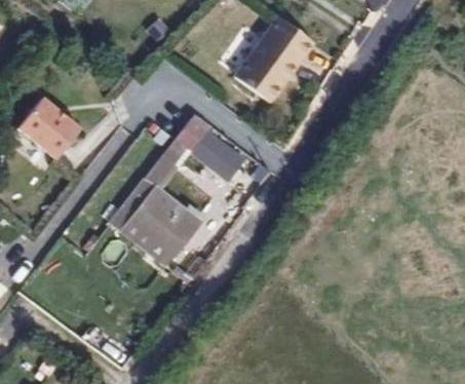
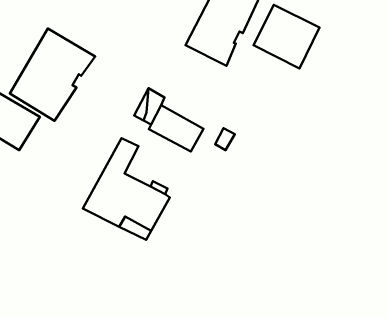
building: none -> [10,29,95,121]
building: none -> [253,5,319,69]

